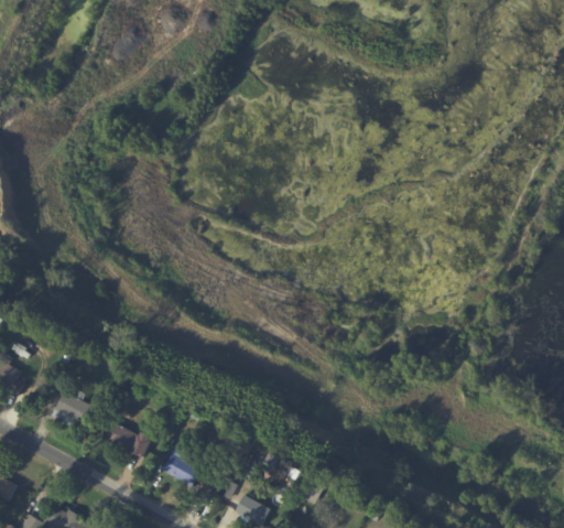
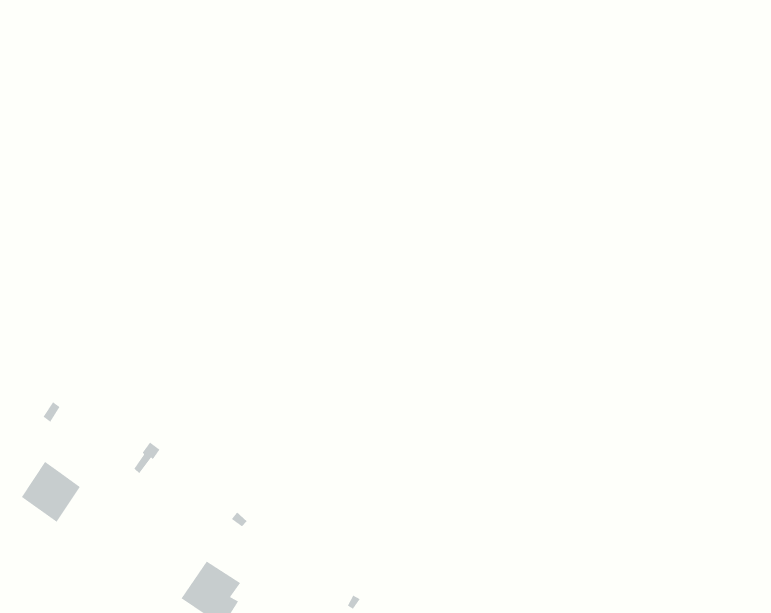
building: [100,422,151,459] -> none

